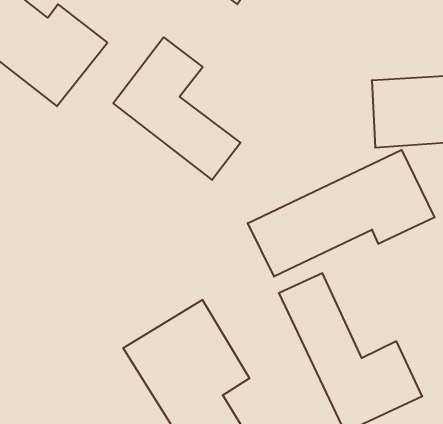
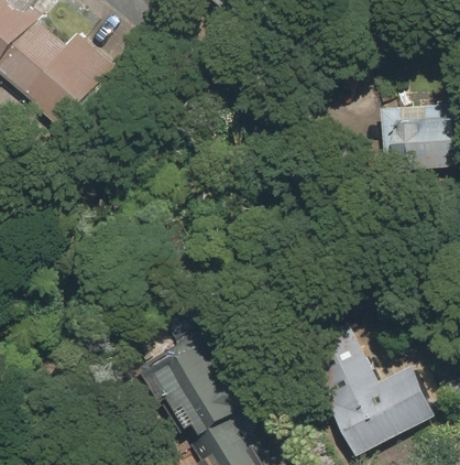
building: [113,37,241,180] -> none
building: [248,150,435,277] -> none

